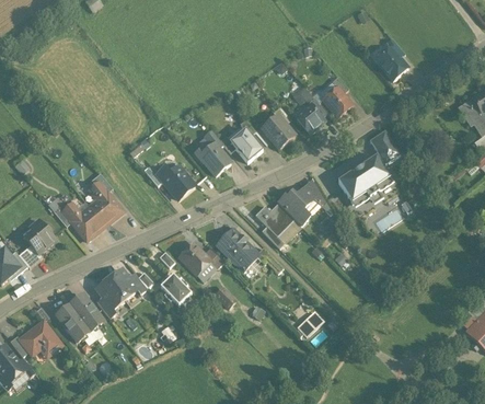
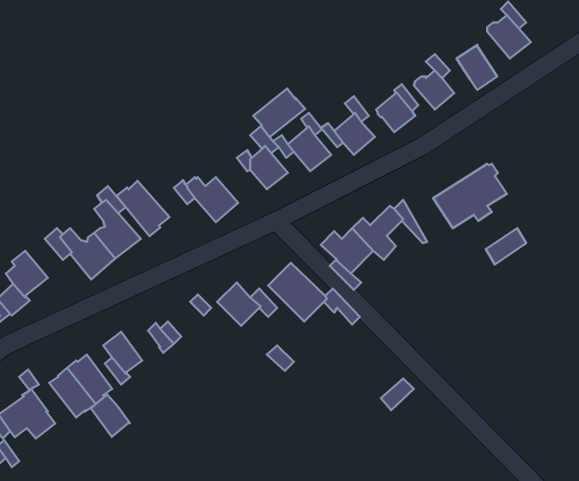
building: none -> [253,89,305,137]
building: [369,130,399,163] -> [457,45,497,90]
building: none -> [116,181,170,236]
building: [108,268,137,299] -> [91,395,130,437]
building: [160,273,190,304] -> none

